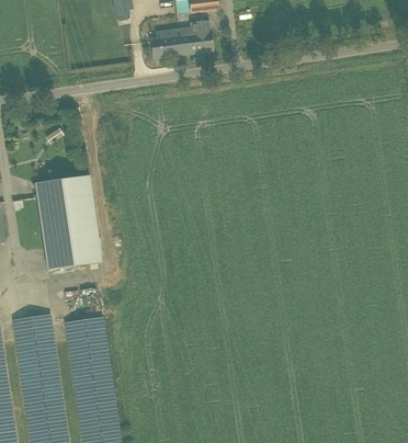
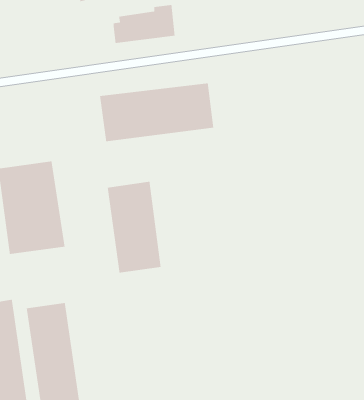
building: none -> [99,82,214,142]
building: none -> [107,181,161,274]

